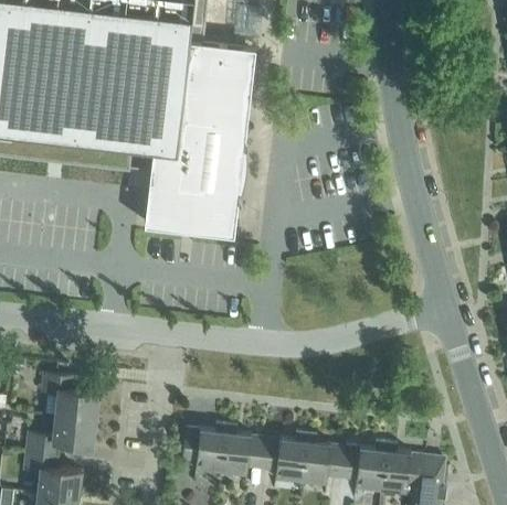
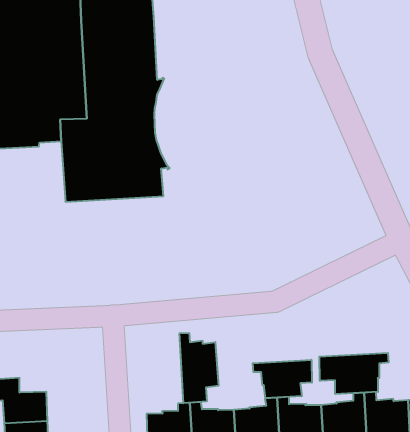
building: none -> [179,333,219,403]
building: none -> [253,360,312,398]
building: none -> [319,353,389,394]

